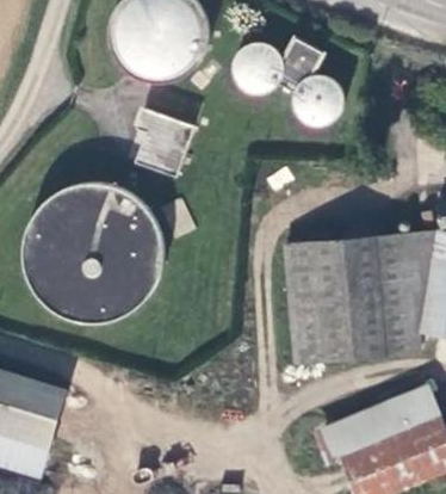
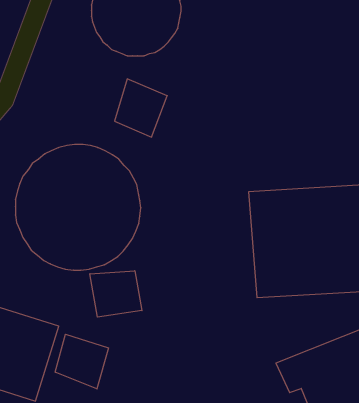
building: [236,39,348,122] -> none
building: none -> [90,271,142,317]
building: none -> [55,334,108,389]

